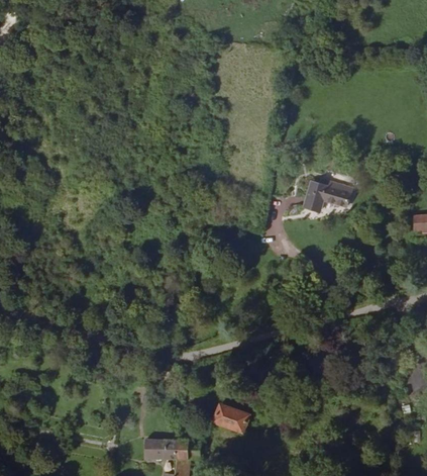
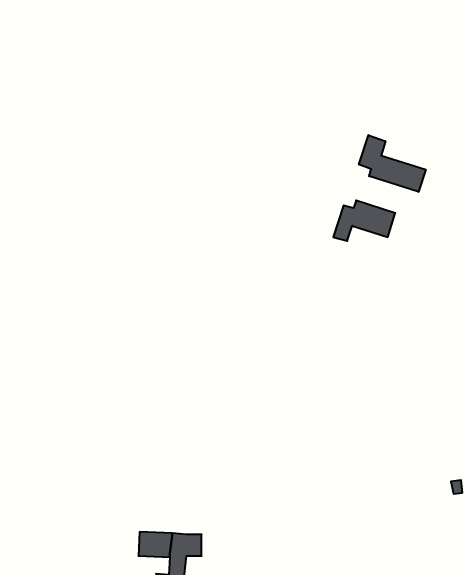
building: none -> [359,135,426,192]
building: [213,405,253,436] -> none

